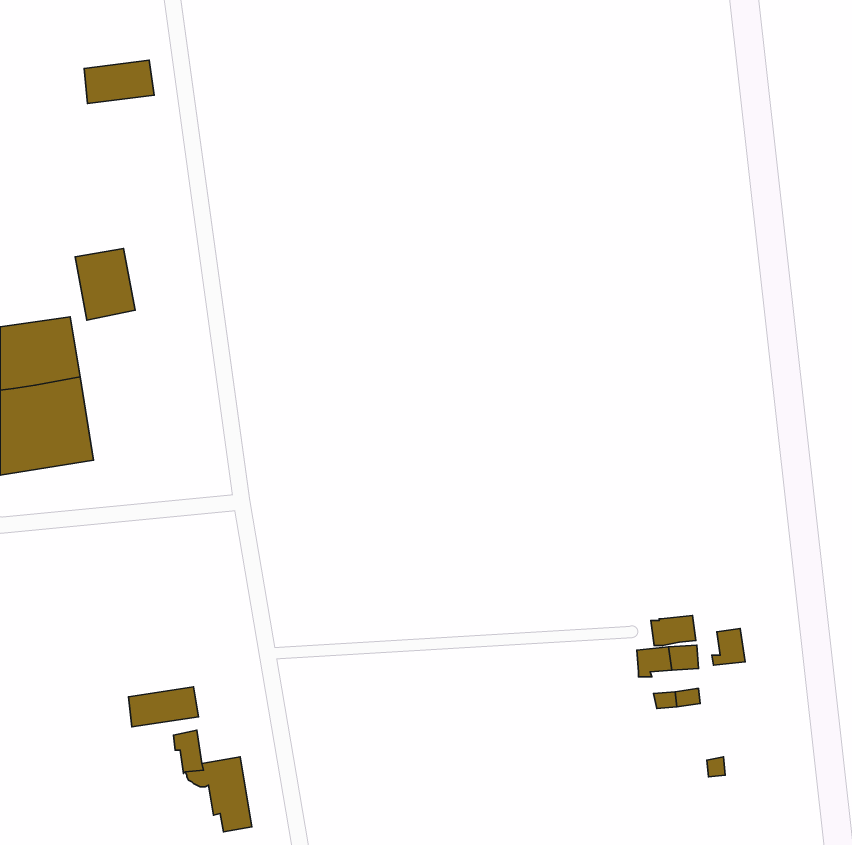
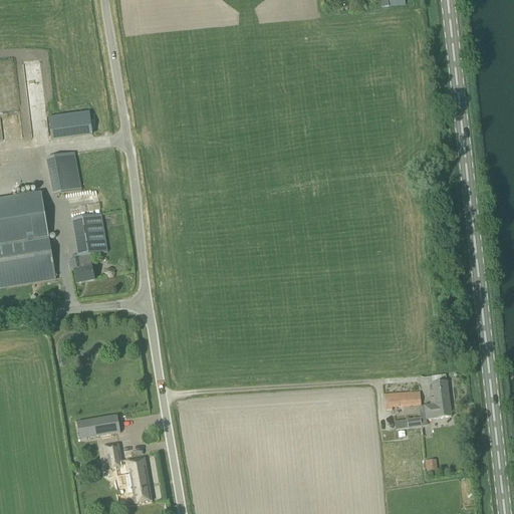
building: [84,60,154,103] -> [53,114,95,141]
building: none -> [70,211,107,281]
building: [651,615,696,645] -> [424,399,451,417]

